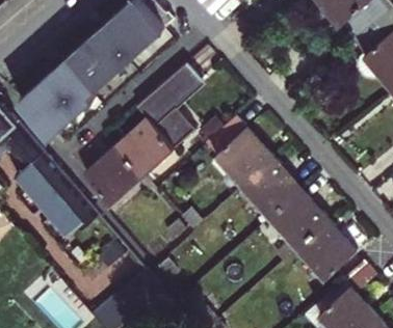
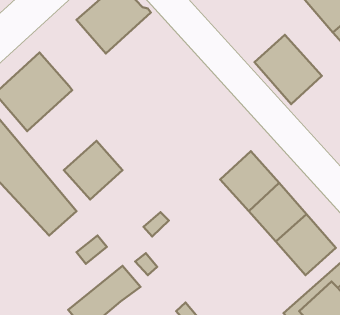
building: [61,28,127,93] -> none
building: [117,66,198,176] -> none
building: [204,117,270,186] -> [255,35,322,104]

